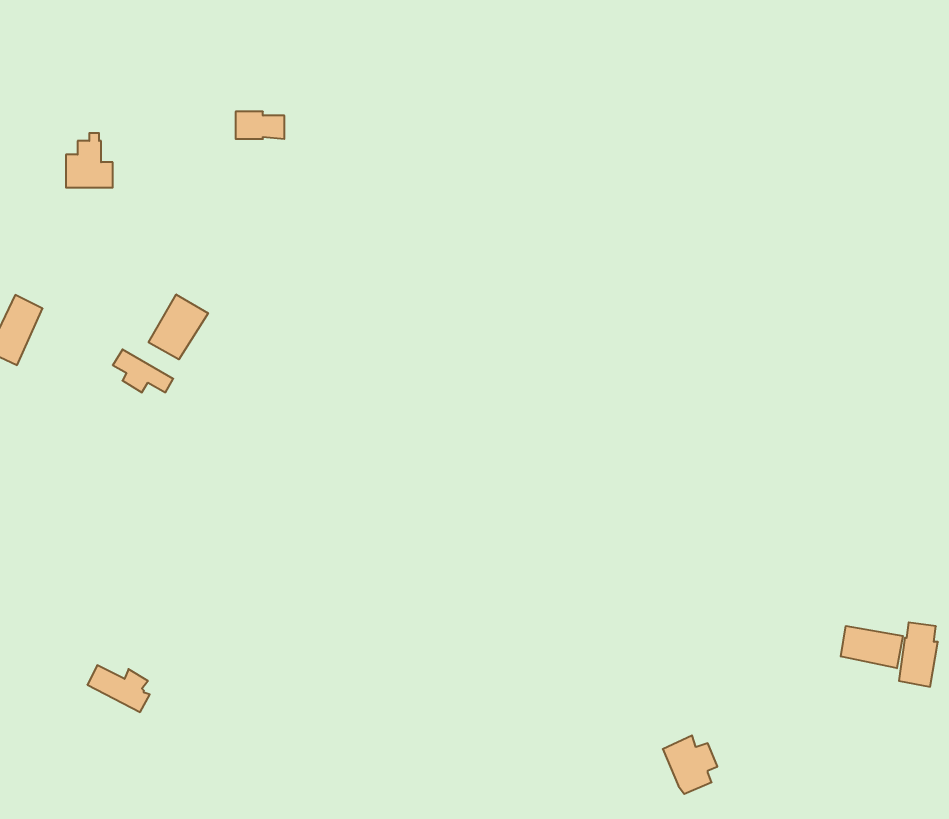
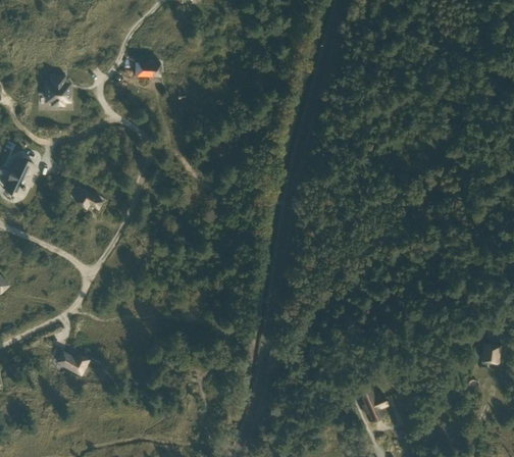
building: [149,294,208,359] -> none
building: [841,626,903,668] -> none

